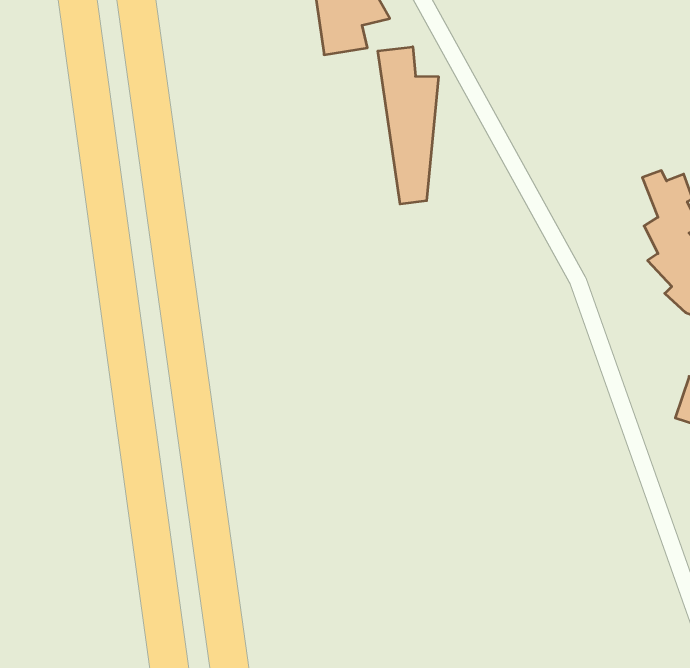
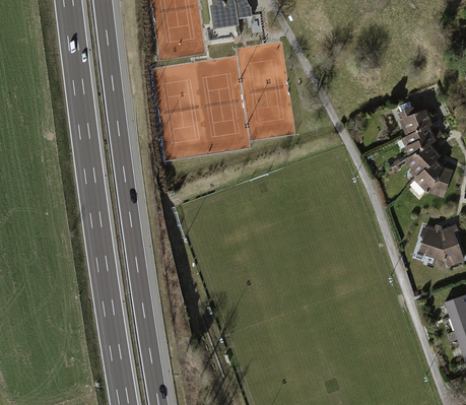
building: [378,47,438,204] -> none

